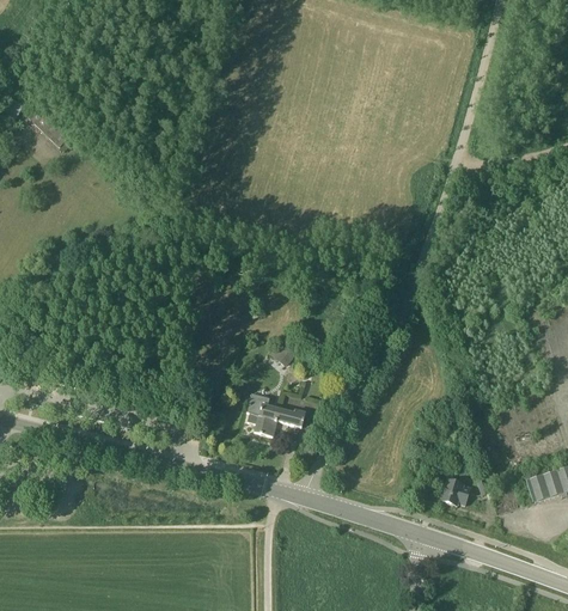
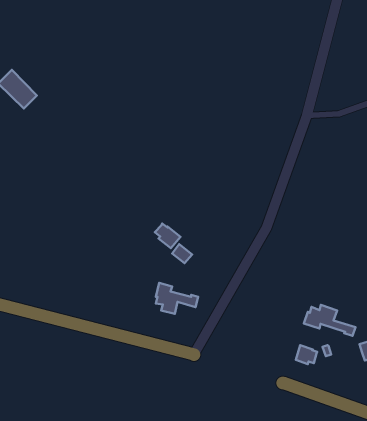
building: none -> [155,223,181,248]
building: none -> [304,305,355,336]

